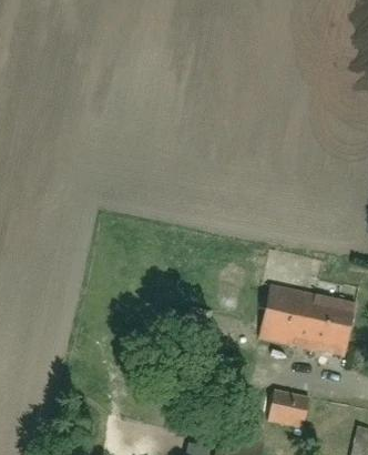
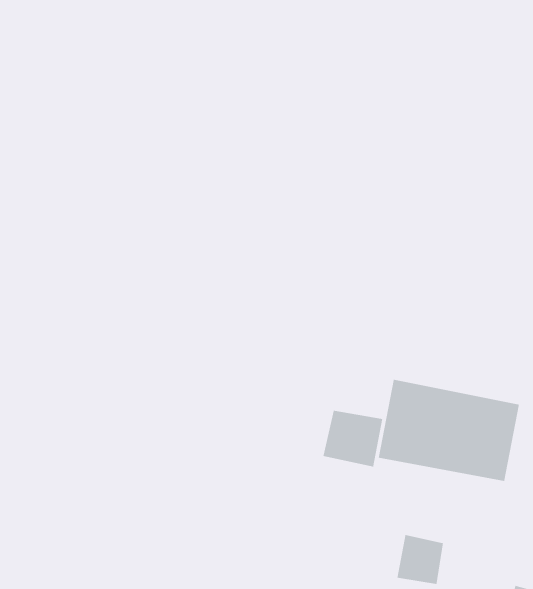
building: none -> [323,410,383,468]

